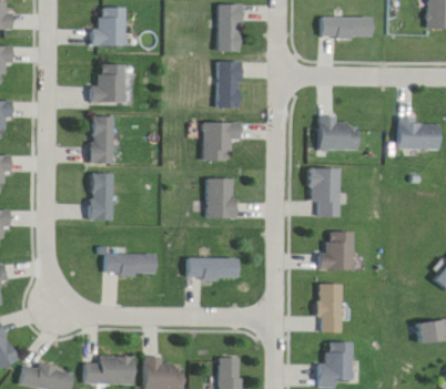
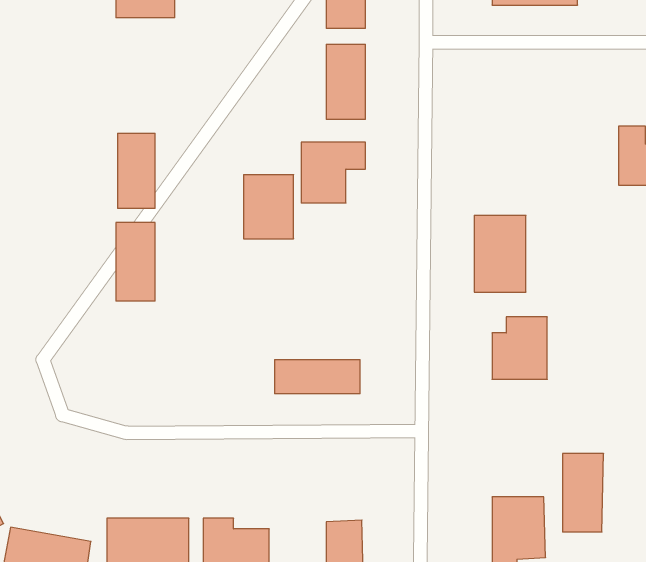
building: [91,63,124,102] -> none
building: [320,113,362,150] -> none
building: [206,177,237,217] -> [244,175,294,239]
building: [102,247,155,274] -> none
building: [318,283,344,331] -> [563,454,604,532]

